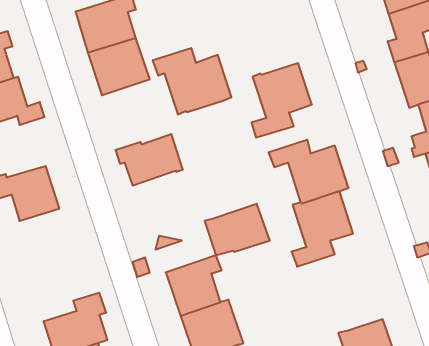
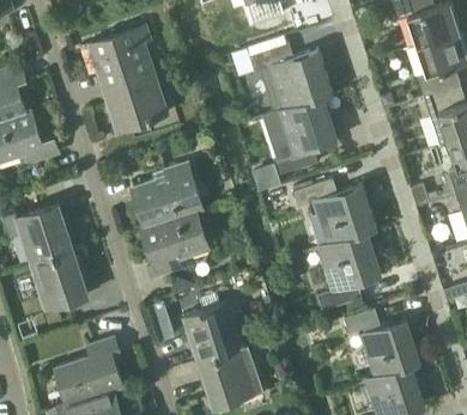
building: [153,48,231,114] -> [248,42,330,111]
building: [205,204,270,255] -> [139,209,207,263]
building: none -> [30,249,86,309]
building: none -> [344,309,419,377]

